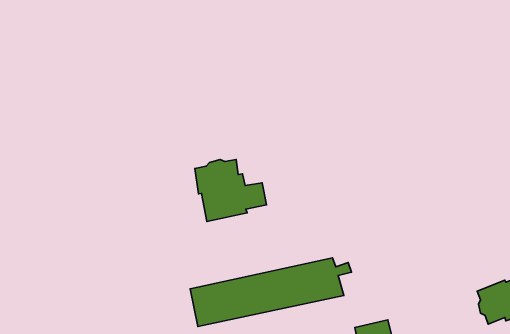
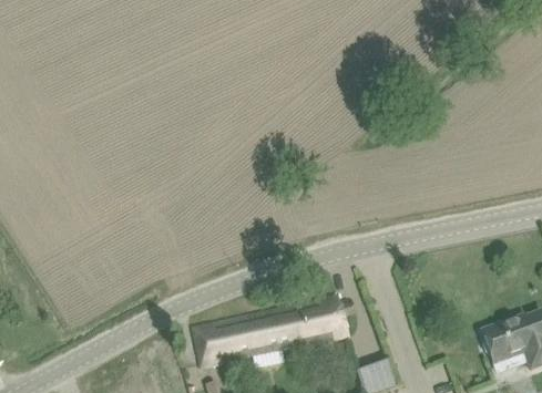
building: [195,159,266,221] -> none

